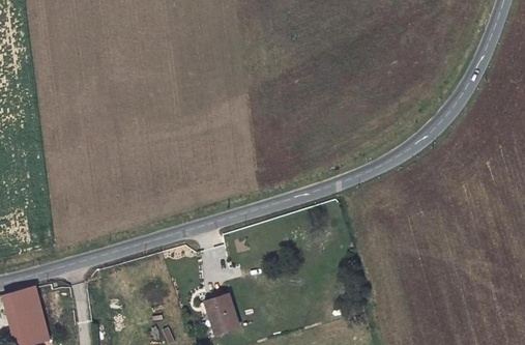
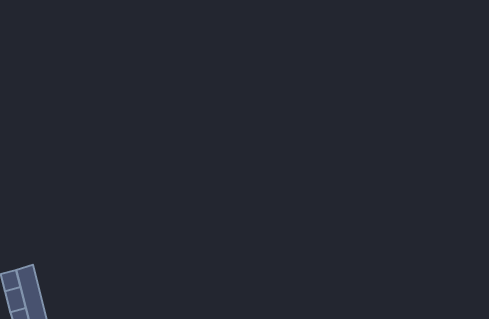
building: [208,293,237,333] -> none

